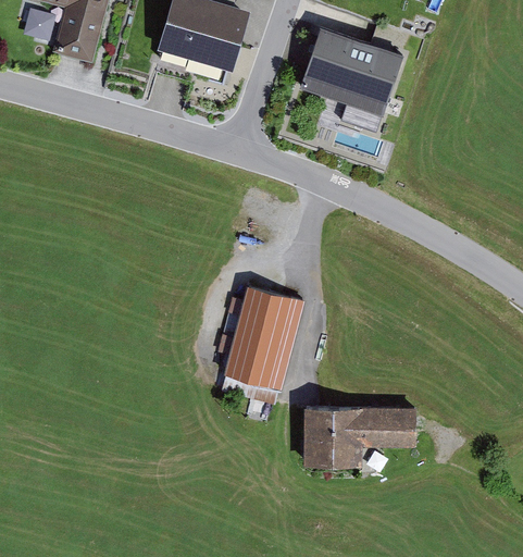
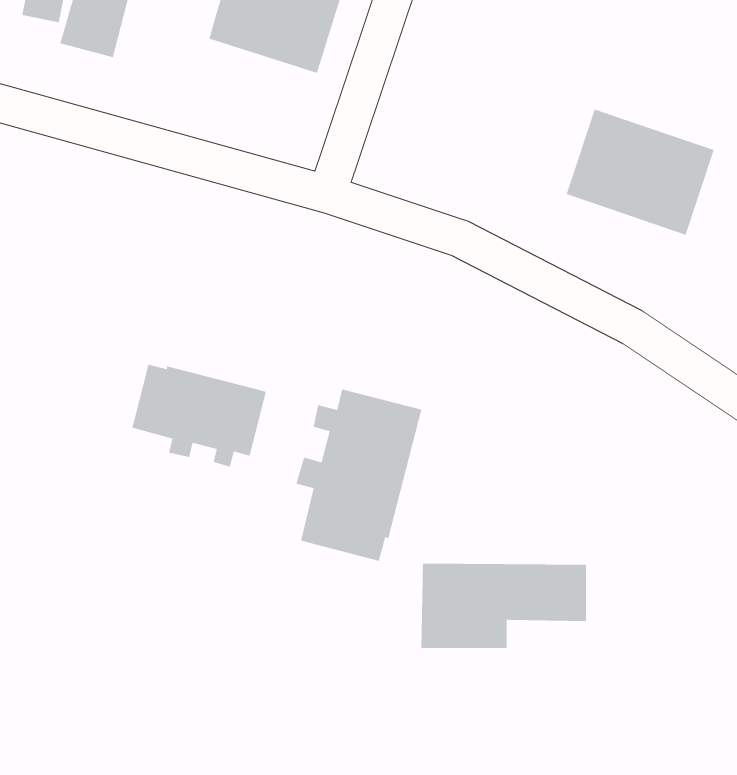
building: [300,27,402,114] -> [566,109,714,236]
building: none -> [132,364,267,468]

